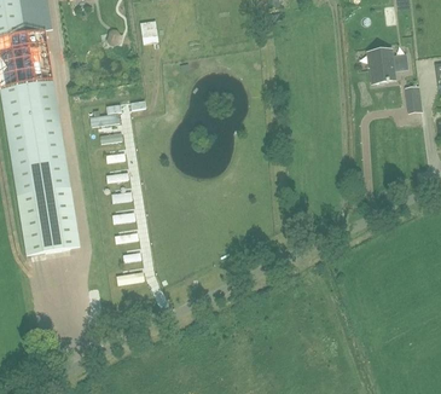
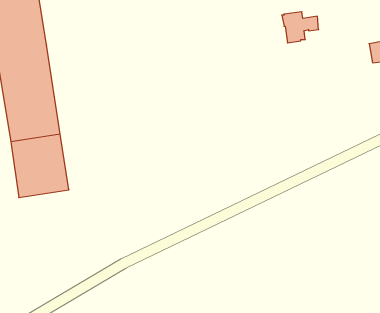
building: [366,48,406,82] -> [282,12,319,43]

